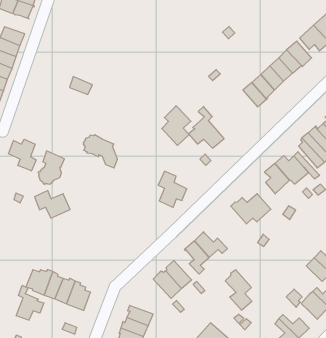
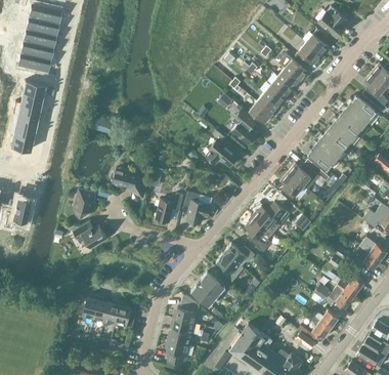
building: [162,106,191,145] -> [231,109,257,144]
building: [8,139,36,171] -> none
building: none -> [156,194,184,222]
building: [225,270,252,310] -> [245,216,271,252]
building: none -> [173,295,200,324]
building: [16,285,44,320] -> none

